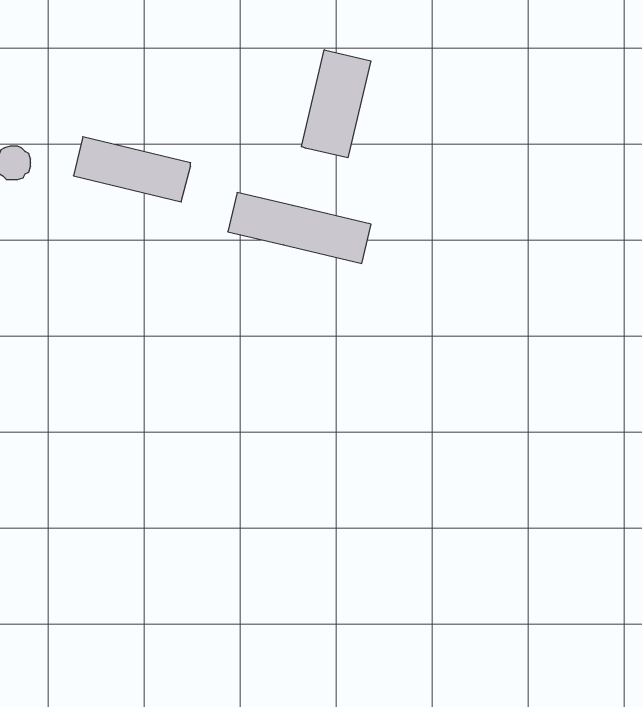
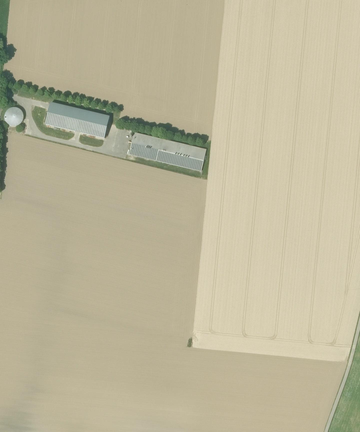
building: [301,50,371,158] -> none

